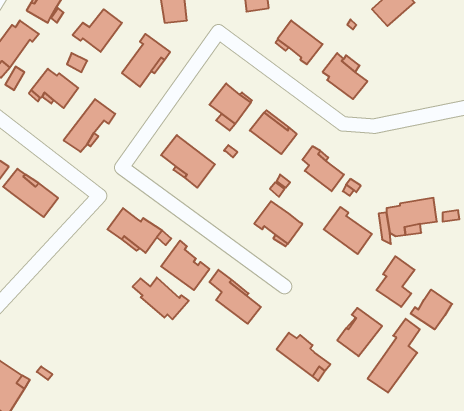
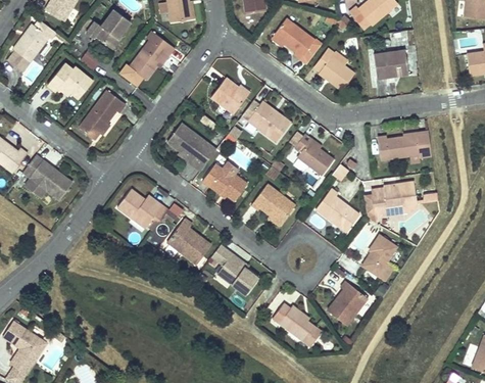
building: none -> [374,50,407,79]
building: none -> [378,133,431,159]
building: none -> [202,164,247,201]
building: [133,277,189,319] -> none
building: [411,290,452,329] -> none
building: [368,319,420,393] -> none

